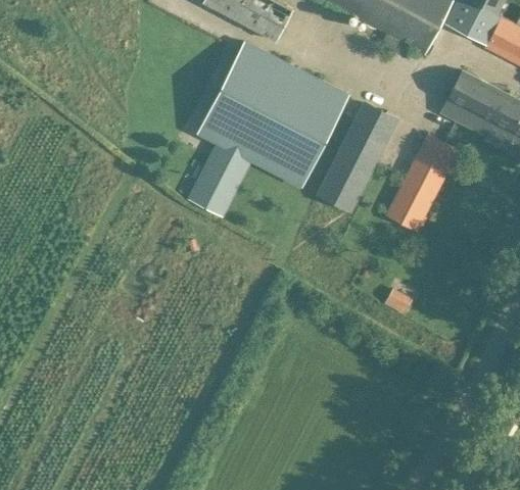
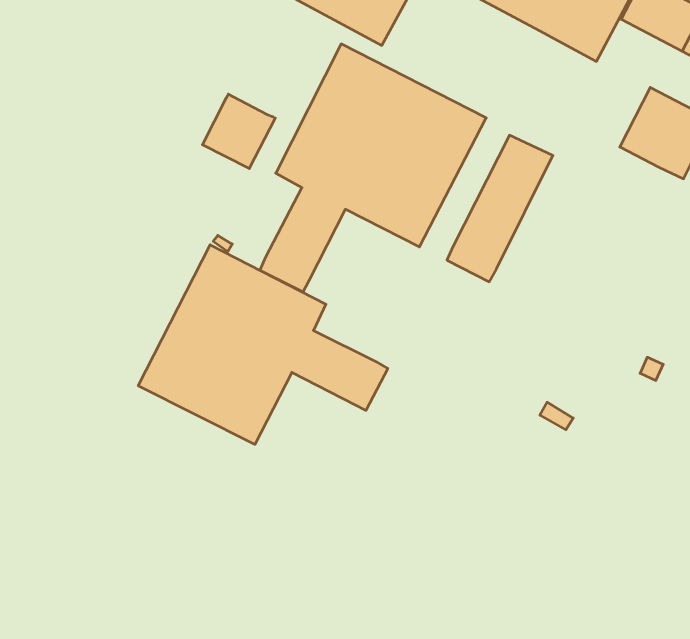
building: none -> [202,94,275,169]
building: [389,136,456,228] -> none
building: none -> [138,245,388,444]

